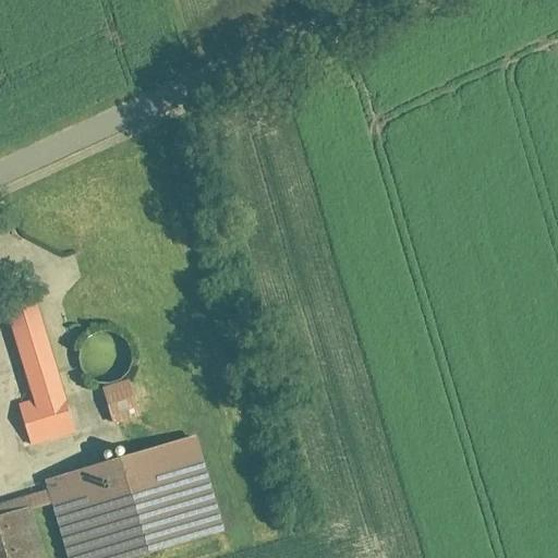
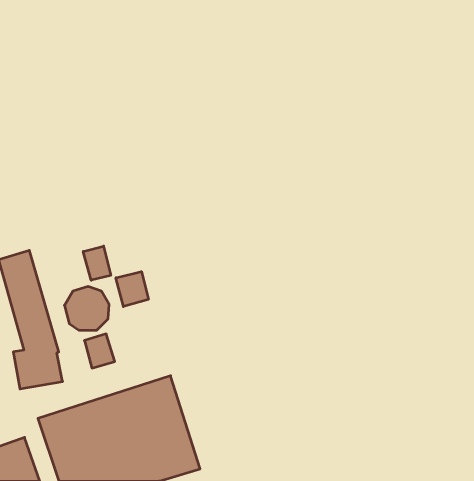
building: none -> [83,246,111,280]
building: none -> [116,272,148,307]

